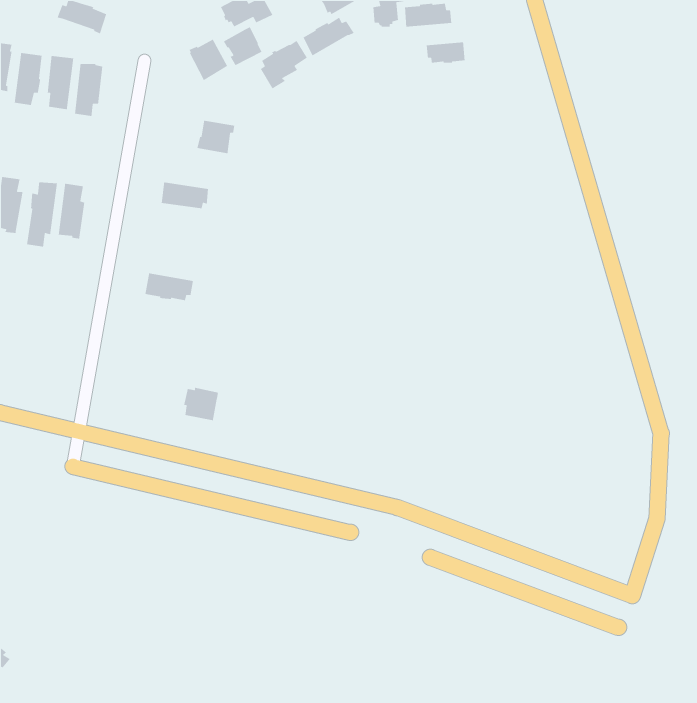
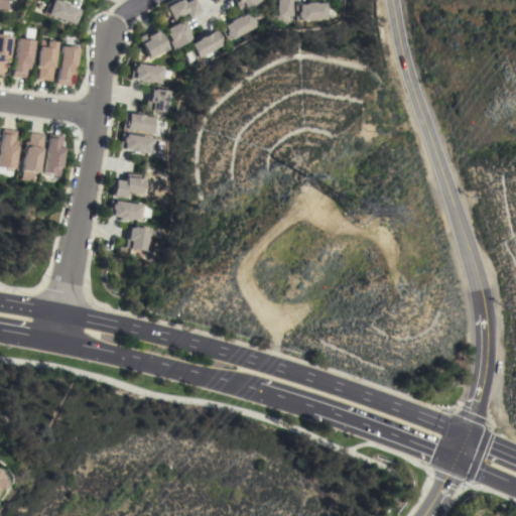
building: [426,41,466,63] -> none
building: none -> [133,62,169,83]
building: none -> [125,113,160,134]
building: none -> [115,176,149,198]
building: [183,387,219,421] -> [127,226,153,251]

